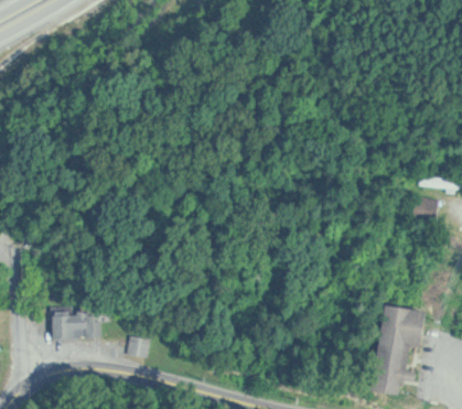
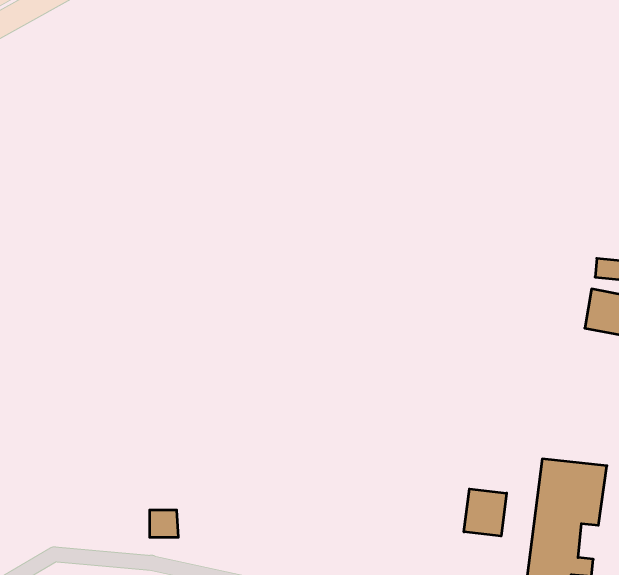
building: [51,312,99,340] -> none
building: none -> [464,489,507,536]

